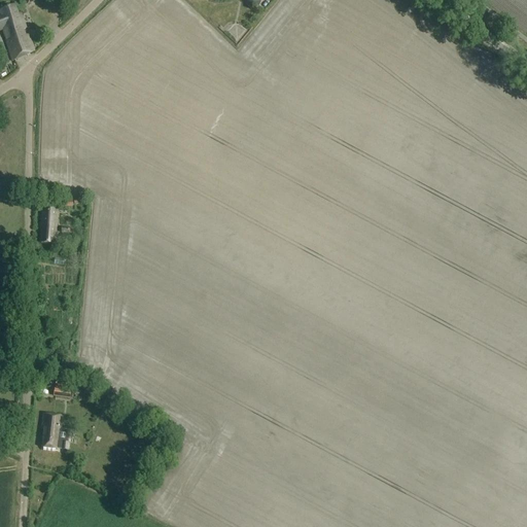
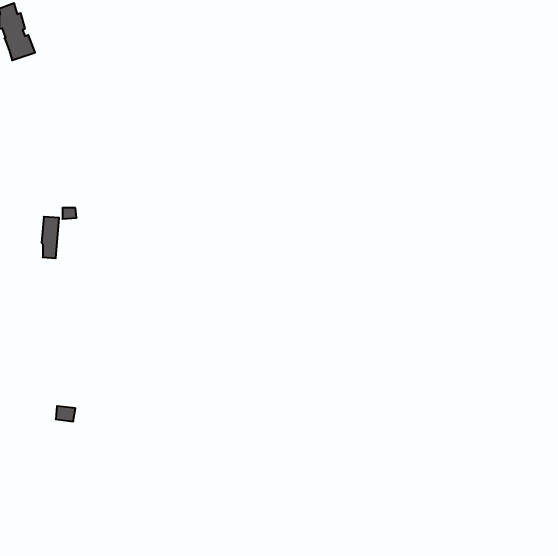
building: [42,412,68,449] -> none

